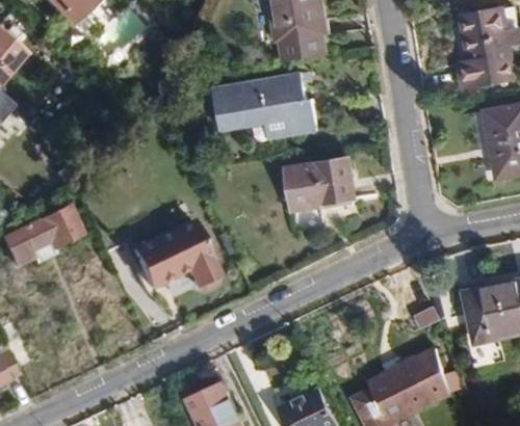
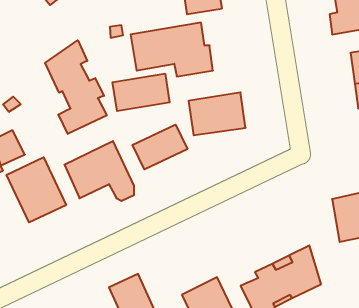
building: none -> [45,40,107,134]
building: none -> [112,74,170,111]
building: none -> [132,125,187,169]
building: none -> [7,157,66,222]

